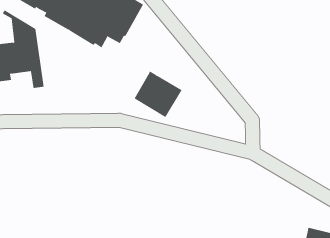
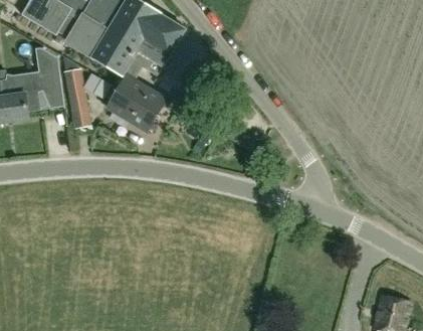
building: none -> [63,59,90,130]
building: [134,71,183,118] -> [108,75,166,132]

